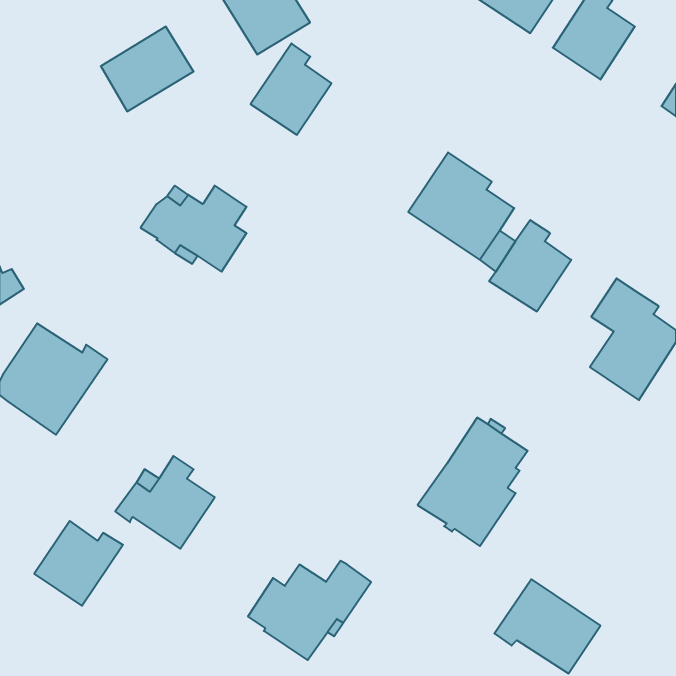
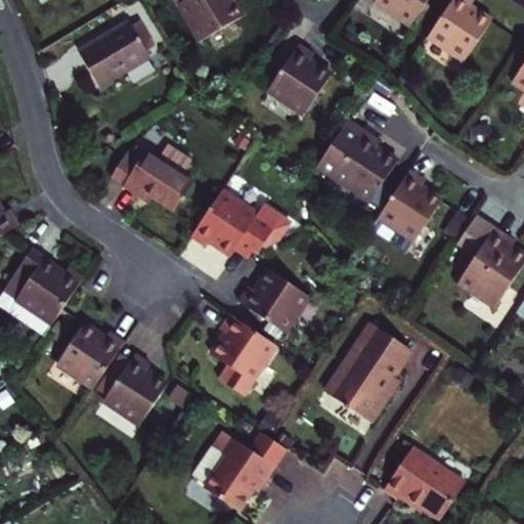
building: [251,43,331,135] -> [267,45,330,116]
building: none -> [189,189,273,255]
building: none -> [237,268,309,332]
building: none -> [211,313,275,400]
building: [34,521,123,606] -> [54,323,123,389]

